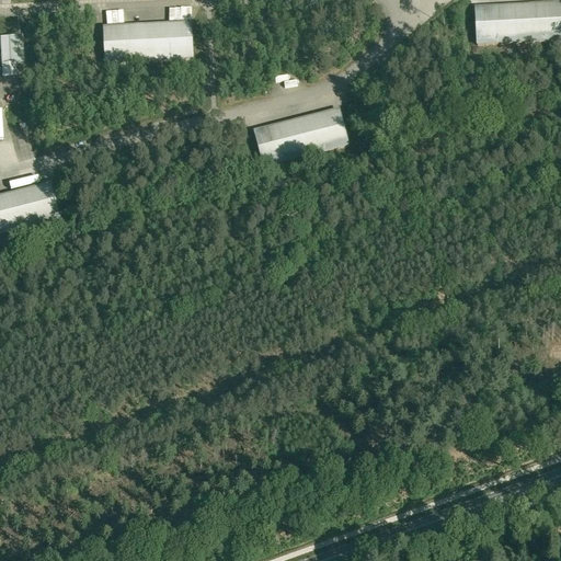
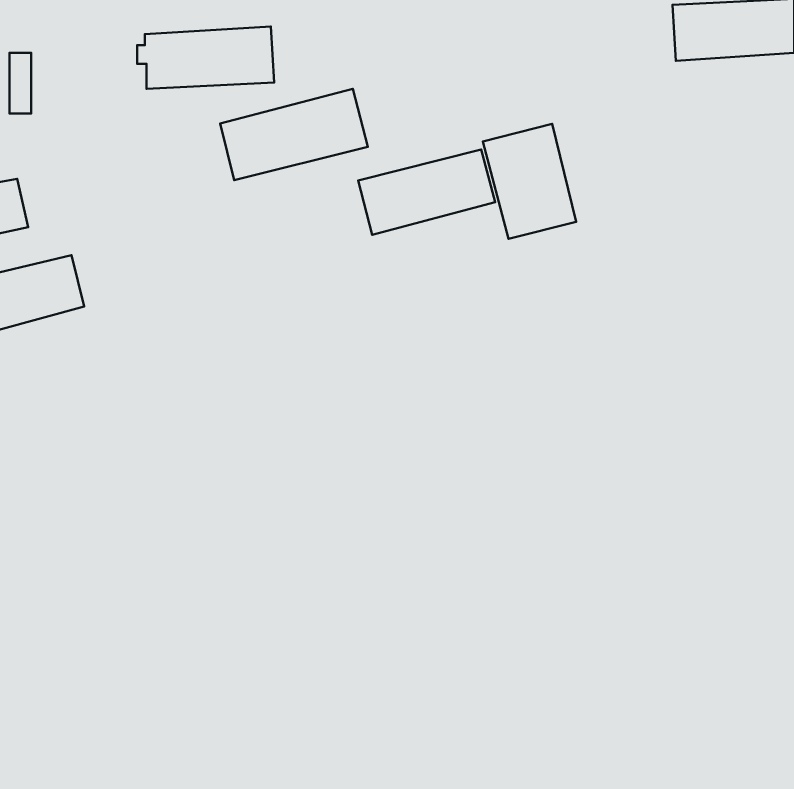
building: none -> [220,89,368,180]
building: none -> [483,124,576,239]

